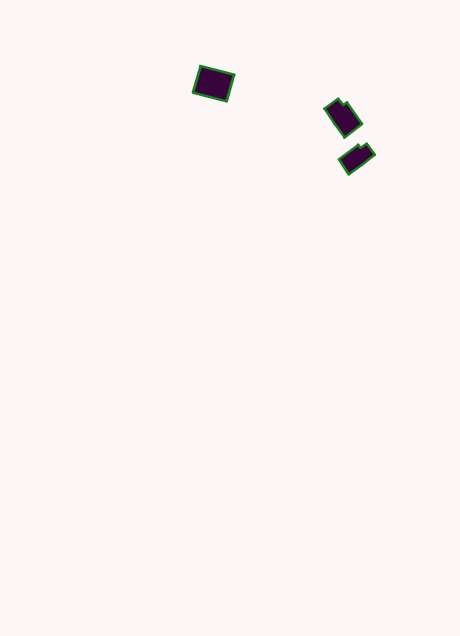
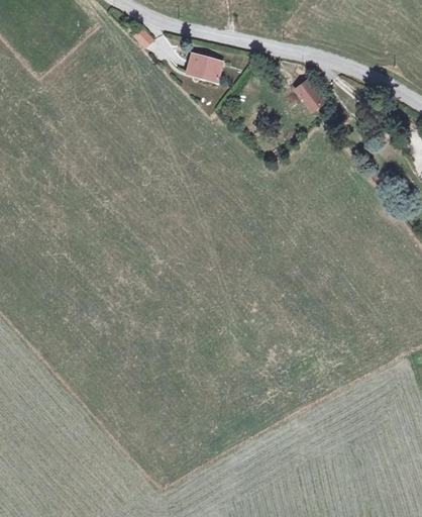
building: [339,144,375,174] -> none

